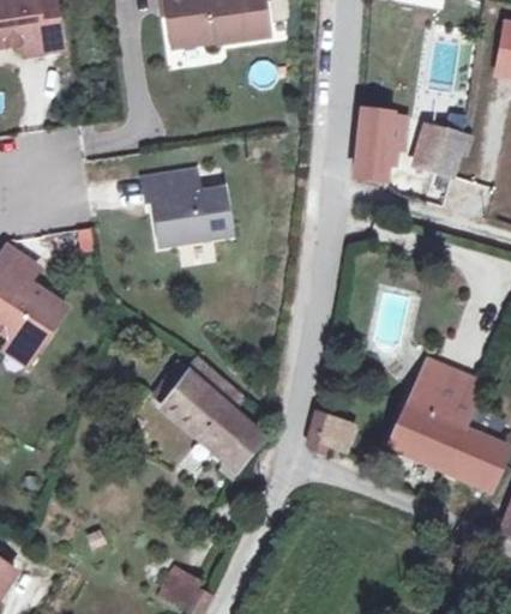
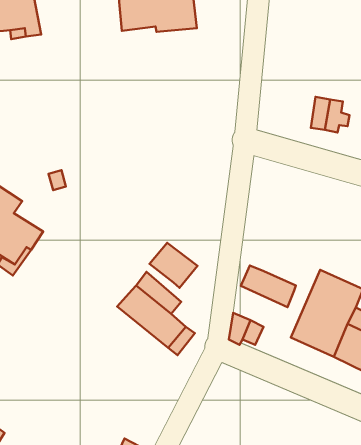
building: [351,108,398,181] -> none
building: [142,168,229,245] -> none
building: none -> [150,243,198,288]
building: none -> [241,266,296,307]

